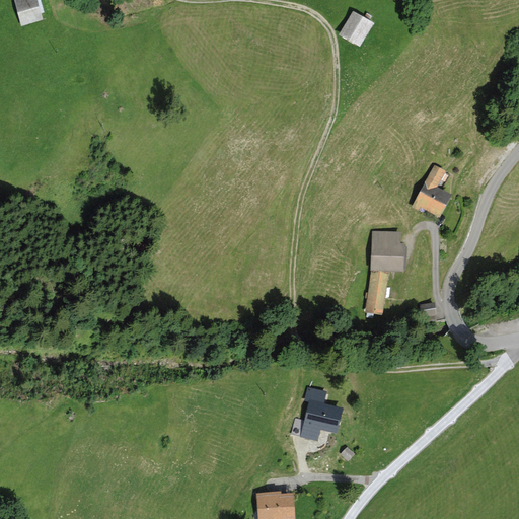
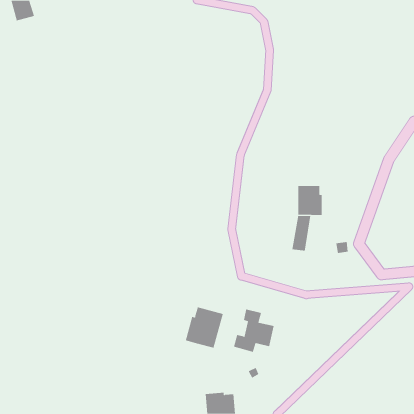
building: [339,10,374,47] -> none
building: [413,163,454,218] -> none
building: none -> [185,306,223,349]

